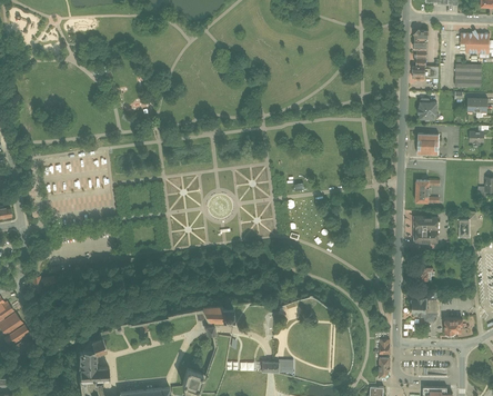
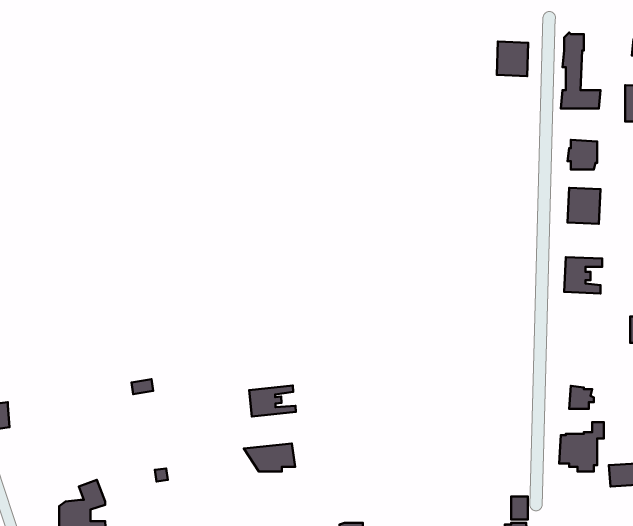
building: none -> [497,42,528,76]
building: [413,216,437,245] -> none
building: none -> [249,386,296,417]

